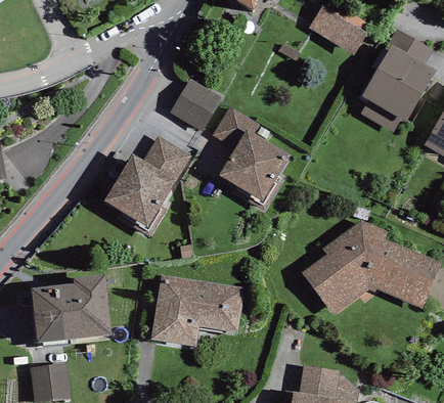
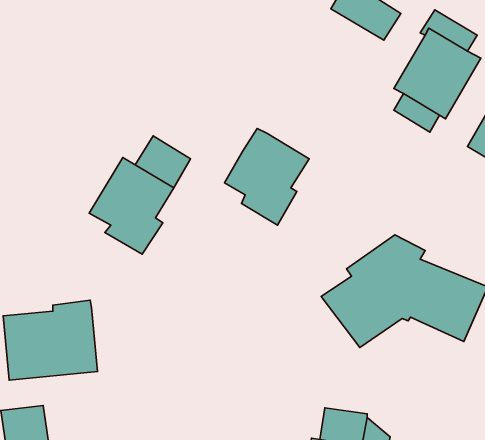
building: [170,79,221,131] -> none
building: [212,106,259,148] -> none
building: [150,274,243,346] -> none

